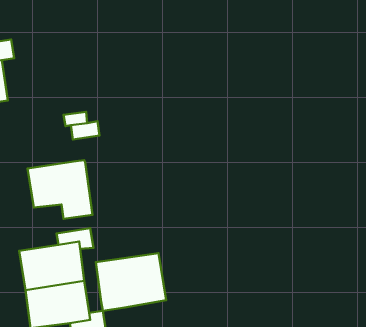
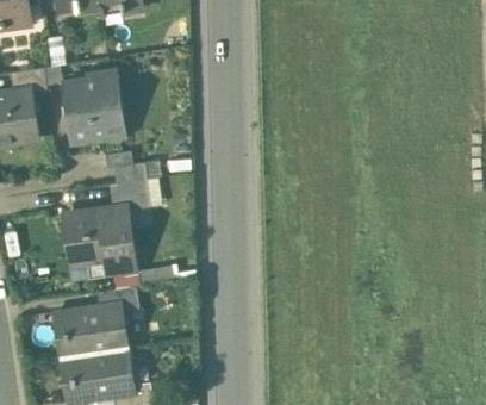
building: none -> [60,73,125,142]
building: none -> [114,179,149,210]
building: [96,253,166,311] -> none

